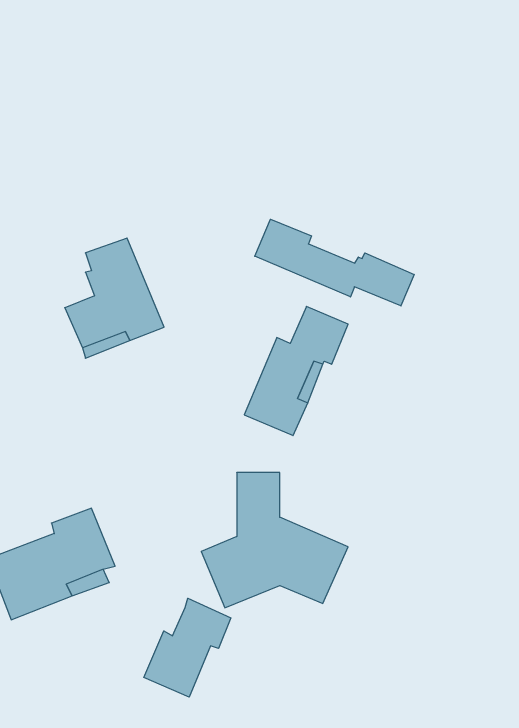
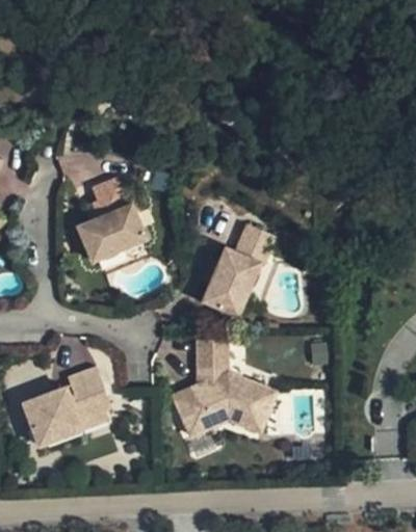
building: [255,219,414,306] -> none
building: [144,598,231,697] -> none

